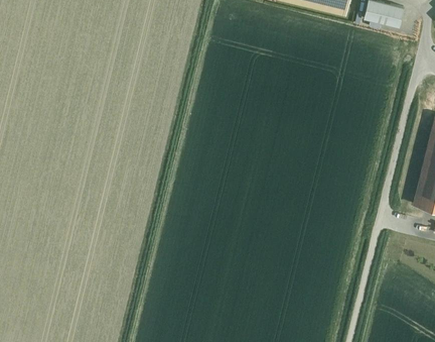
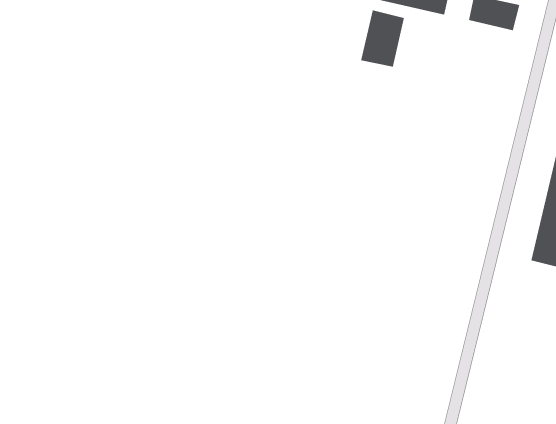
building: none -> [360,9,404,68]

